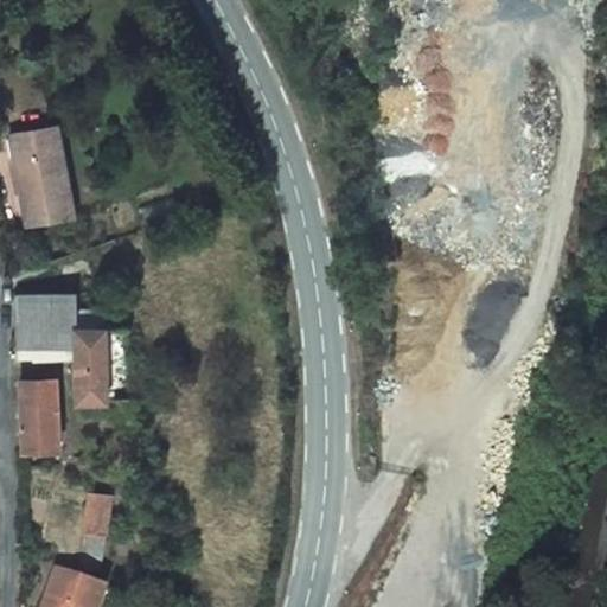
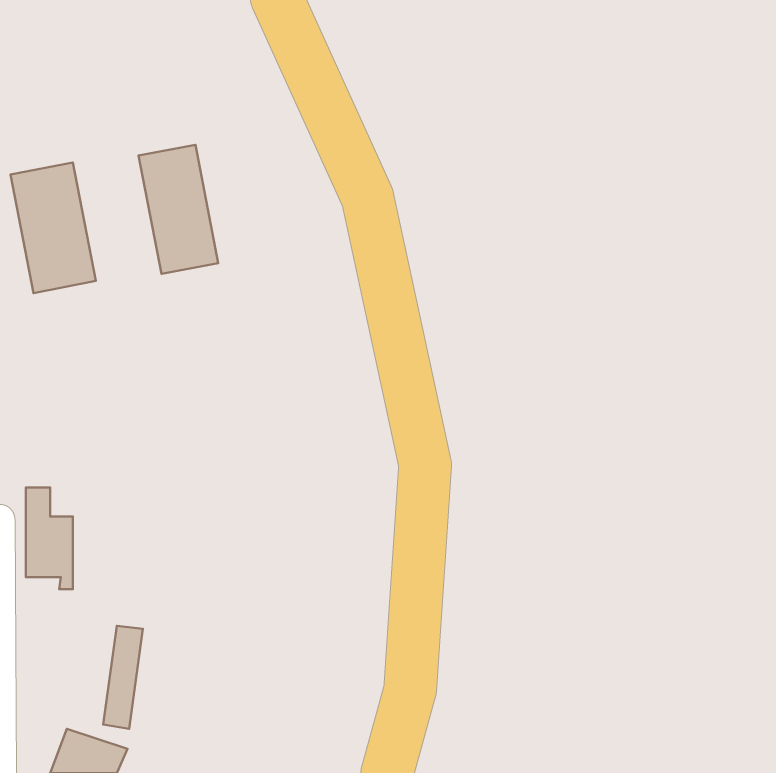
building: none -> [139,145,218,274]
building: [17,295,107,405] -> none

